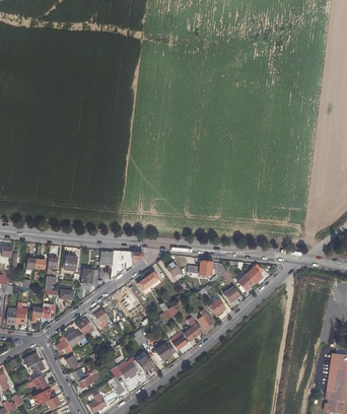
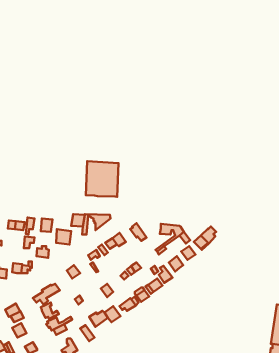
building: none -> [86,161,118,197]

